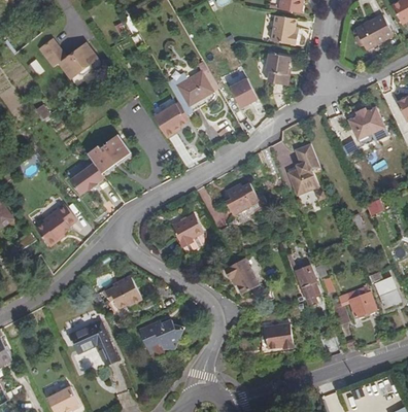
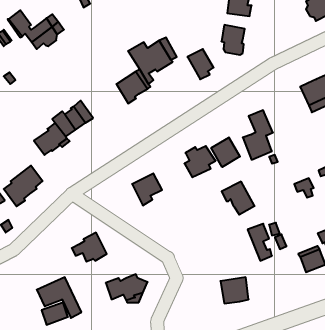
building: none -> [211,137,240,167]
building: [223,258,258,293] -> [222,182,255,215]

